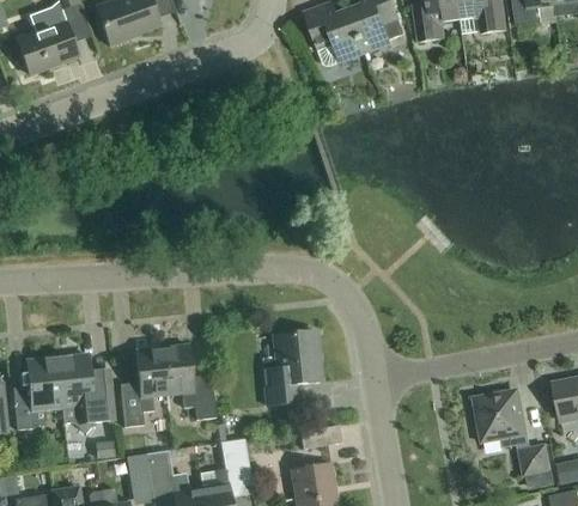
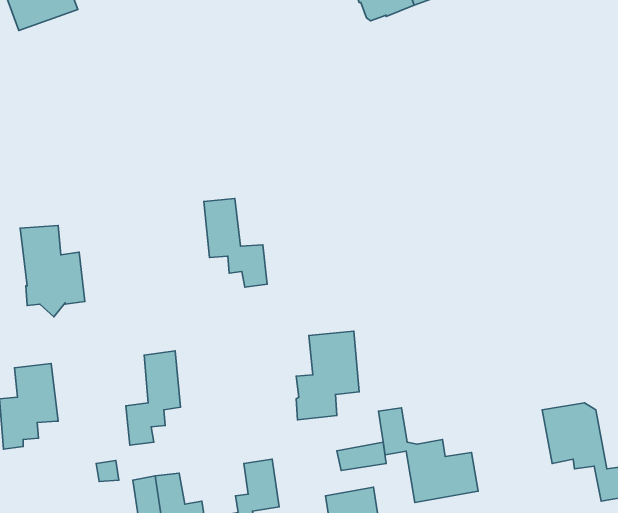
building: [162,343,215,419] -> [204,199,267,287]
building: [56,354,111,432] -> [20,225,85,317]
building: none -> [378,408,478,503]

